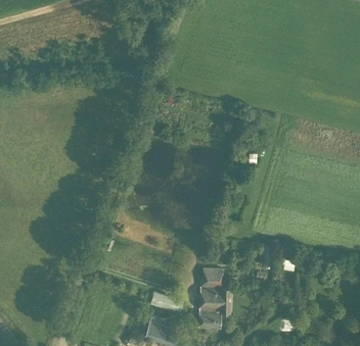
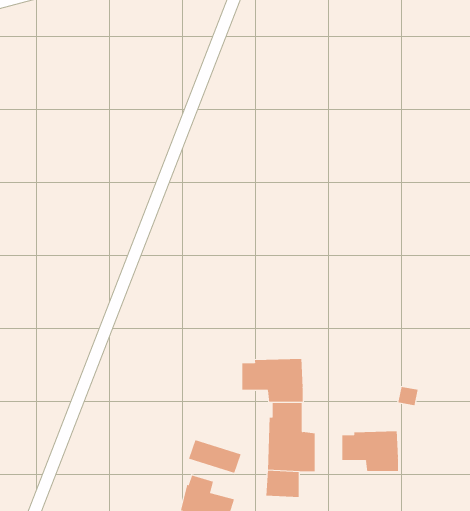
building: none -> [242,358,303,403]
building: none -> [342,430,398,472]

